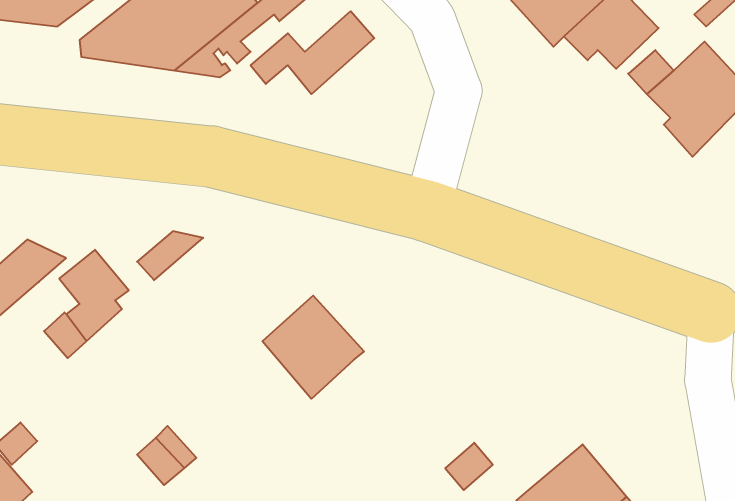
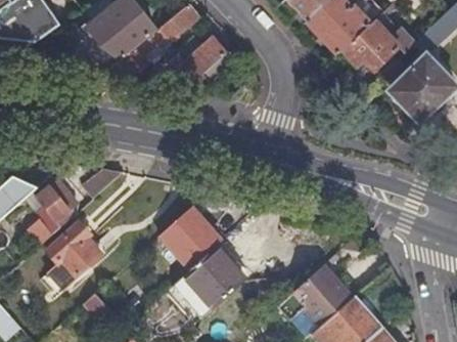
building: none -> [48,222,101,289]
building: none -> [182,246,245,309]
building: none -> [291,263,353,325]

